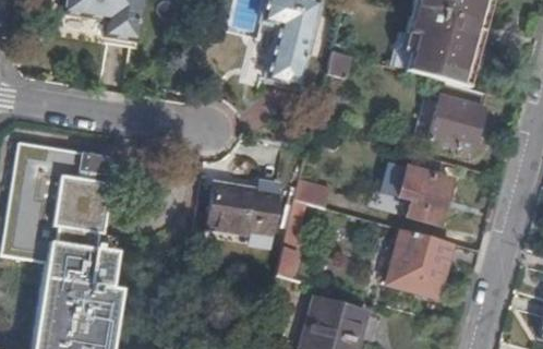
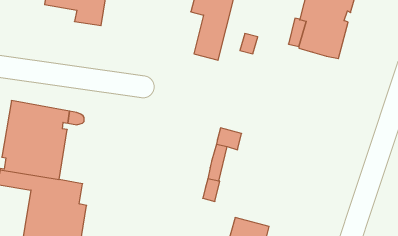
building: [430,81,486,151] -> none
building: [400,151,454,224] -> none
building: [84,180,118,253] -> none
building: [208,181,280,245] -> none
building: [388,229,454,298] -> none

